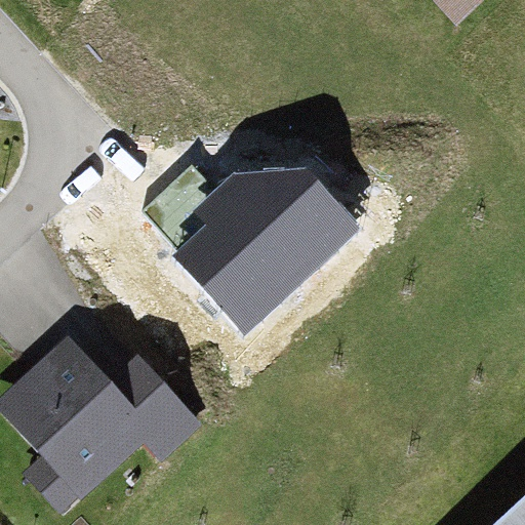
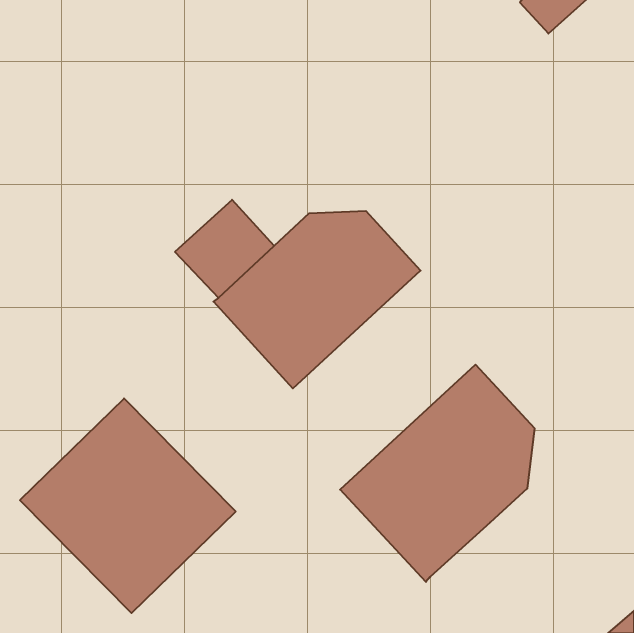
building: none -> [340,365,534,582]

